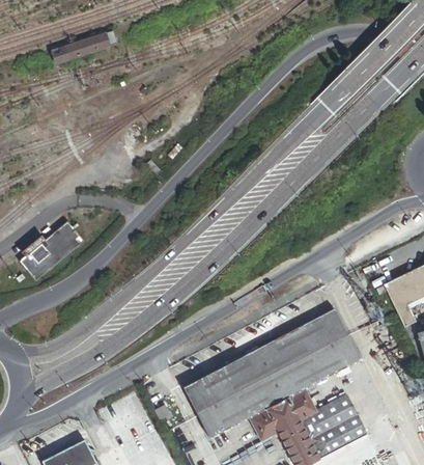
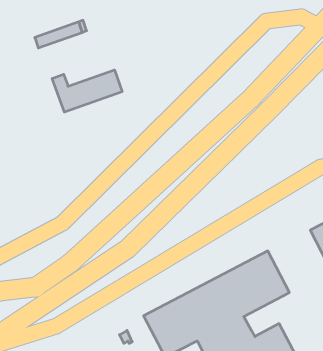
building: none -> [52,70,122,112]
building: [21,221,85,280] -> none

